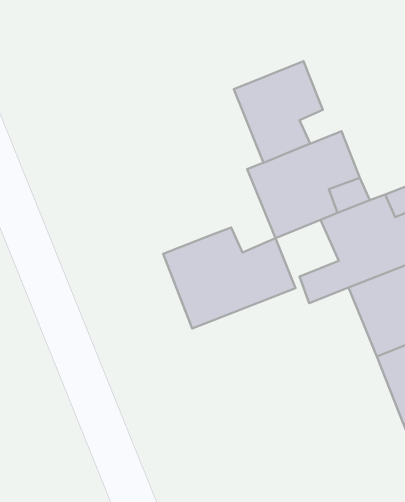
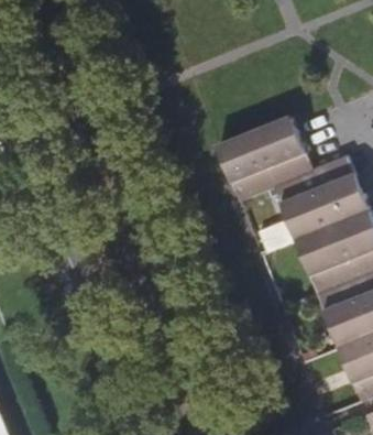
building: [234,61,323,163] -> none
building: [163,228,295,329] -> none

